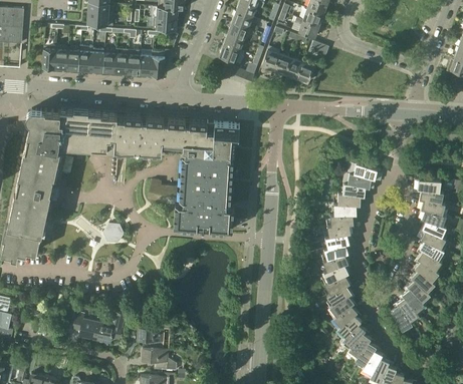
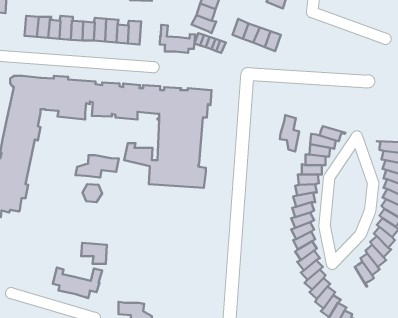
building: none -> [160,25,195,53]
building: none -> [280,115,299,151]
building: none -> [76,155,119,177]
building: [137,329,164,351] -> [81,243,107,264]

